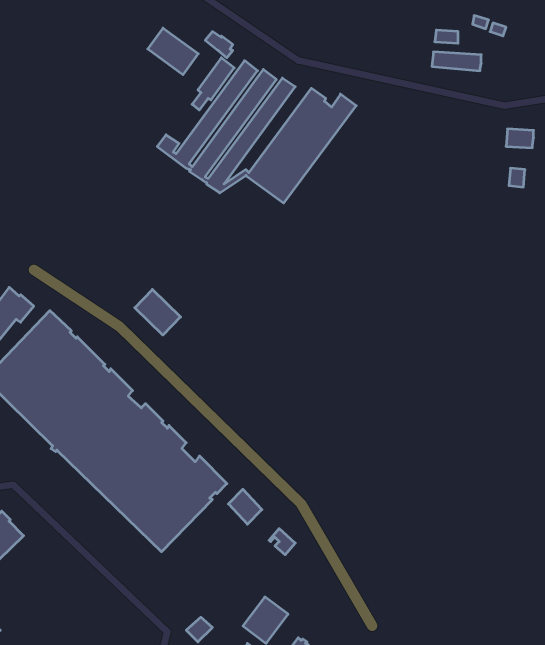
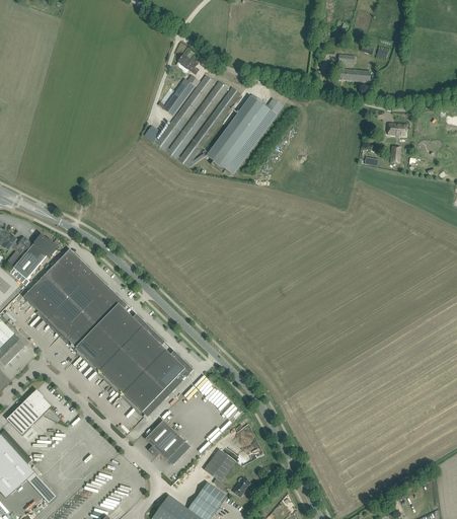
building: [148,28,198,75] -> none
building: [135,289,181,335] -> none
building: none -> [145,420,184,460]

